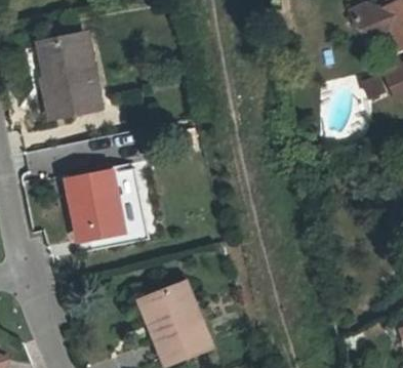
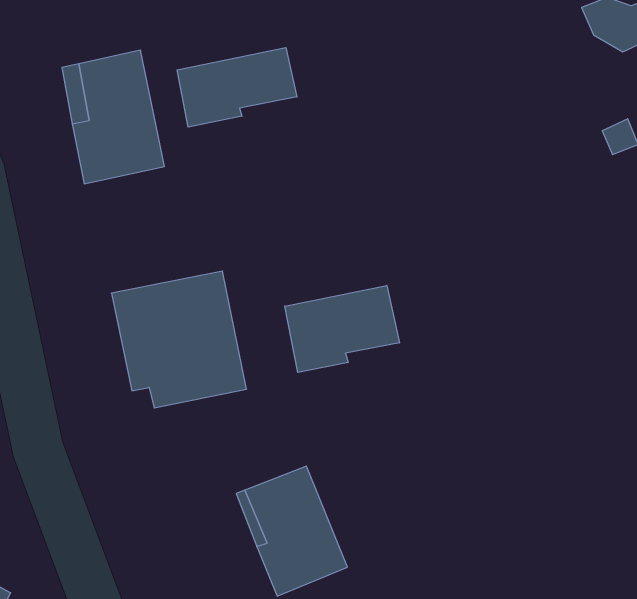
building: none -> [177,48,297,127]
building: none -> [285,285,399,372]

